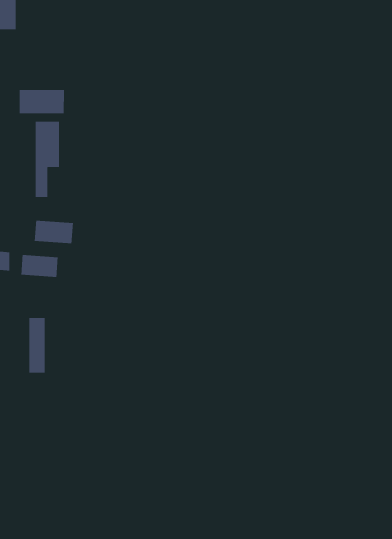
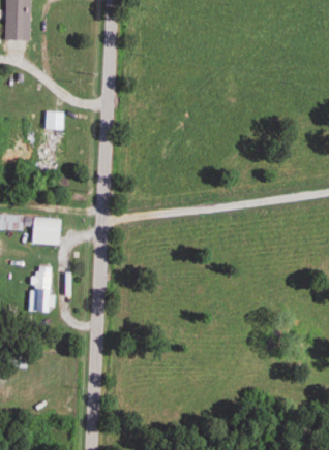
building: [19,89,65,114] -> none
building: [34,220,74,244] -> none

